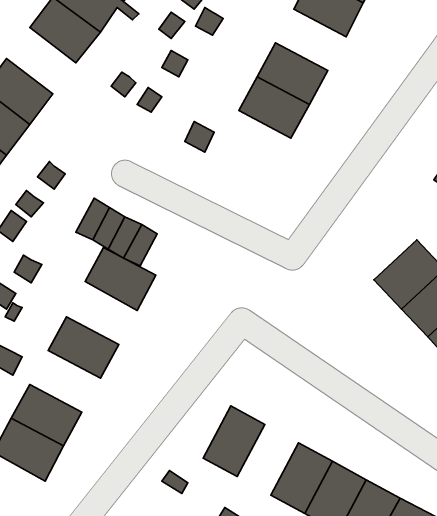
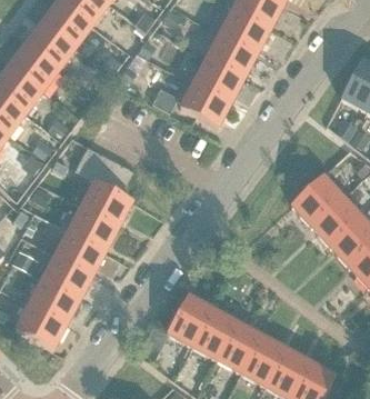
building: none -> [219,8,270,52]
building: none -> [24,21,74,69]
building: none -> [179,81,230,127]
building: none -> [68,205,119,250]
building: none -> [41,255,92,299]
building: none -> [191,308,236,359]

